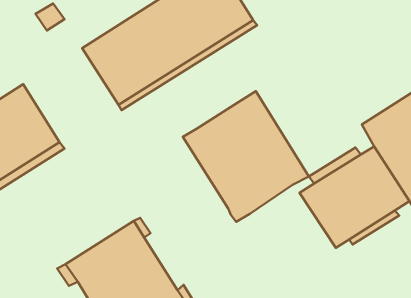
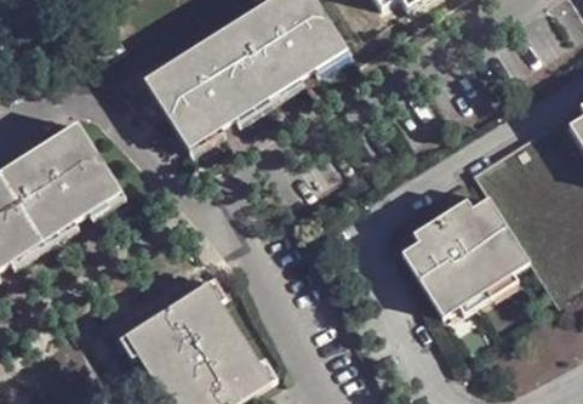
building: [183,91,309,222] -> none

